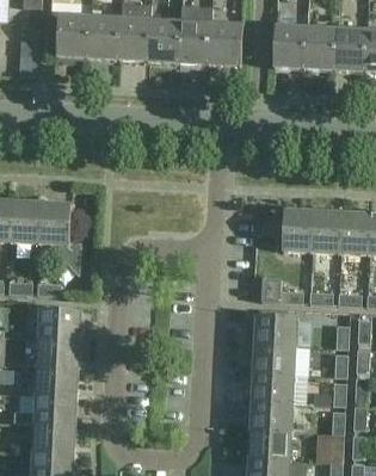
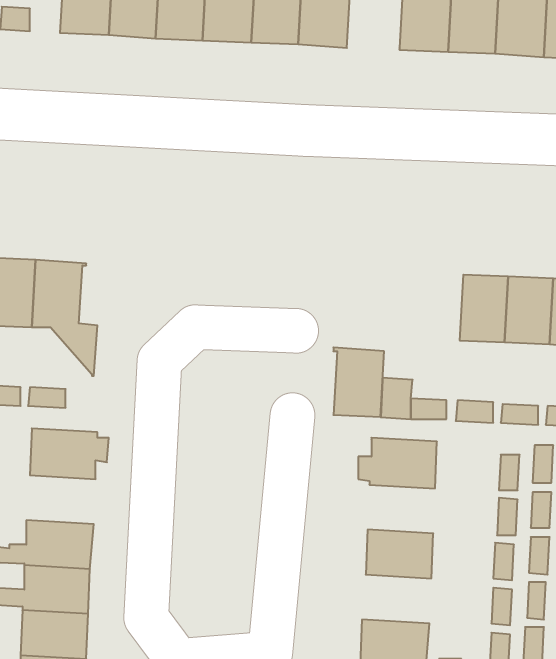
building: [282,208,314,252] -> [333,347,384,417]
building: [36,338,87,369] -> none
building: [253,344,296,375] -> none
building: [249,401,294,432] -> none

